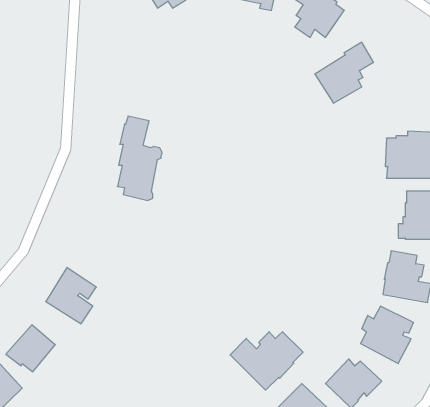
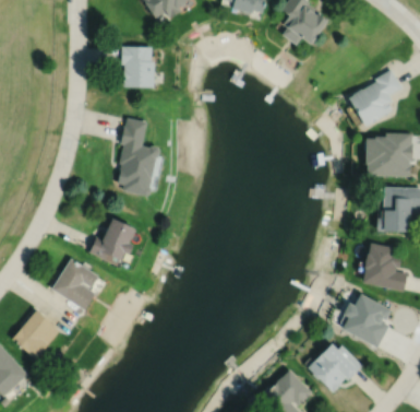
building: none -> [121,46,154,87]
building: [315,42,373,103] -> [348,69,403,126]
building: none -> [88,219,134,262]
building: [230,332,303,390] -> none

